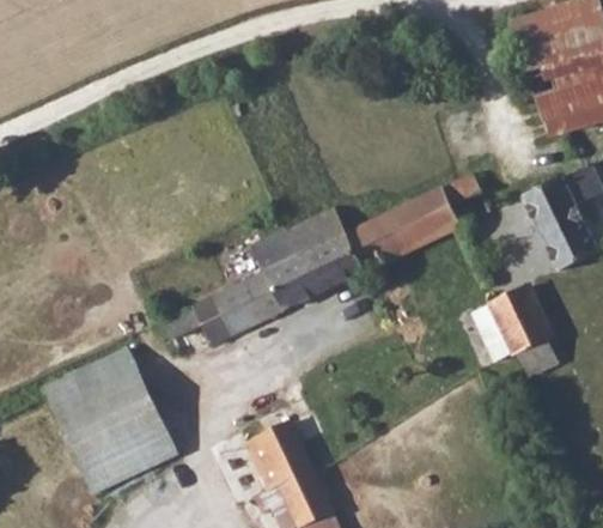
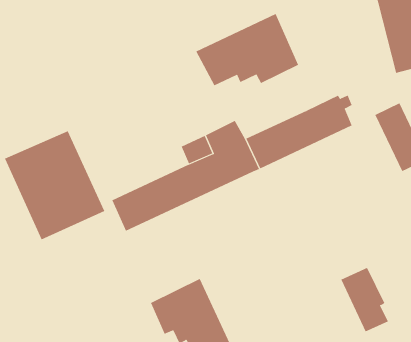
building: none -> [196,13,299,86]
building: [489,291,555,380] -> [340,267,389,332]
building: [45,348,183,498] -> [4,130,105,240]

